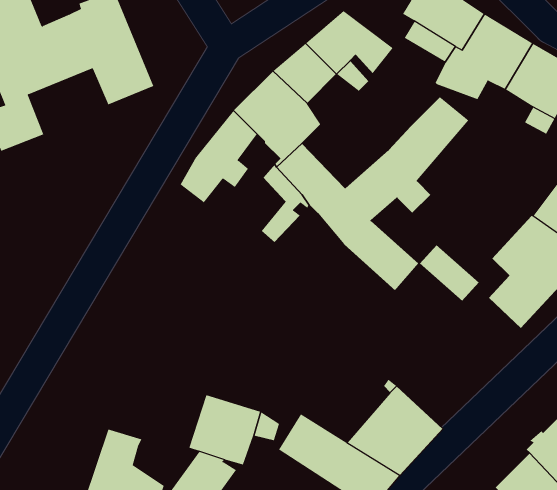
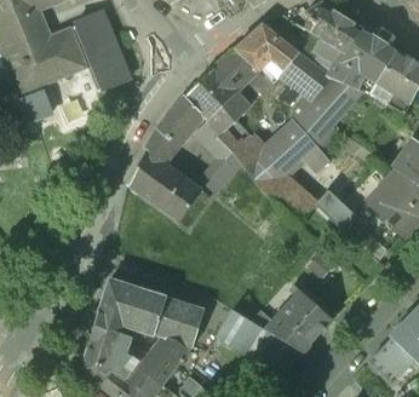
building: none -> [282,52,328,91]
building: none -> [128,148,202,220]
building: none -> [97,278,166,333]

